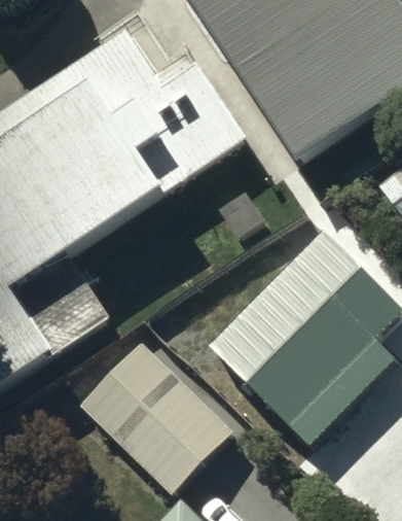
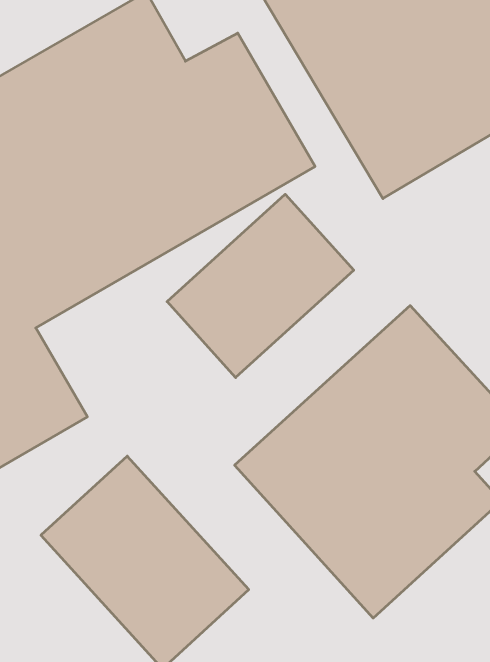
building: none -> [167,194,354,378]

